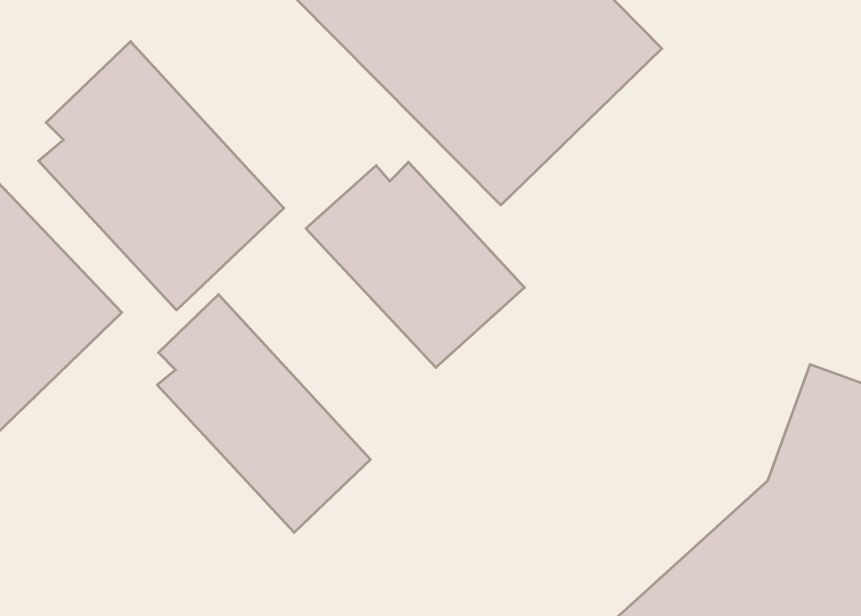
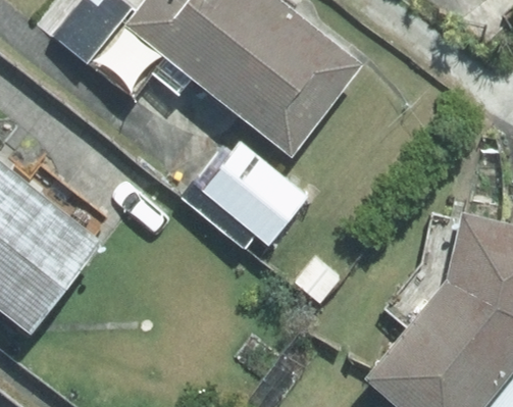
building: [38,41,284,310] -> none
building: [157,294,370,533] -> none

